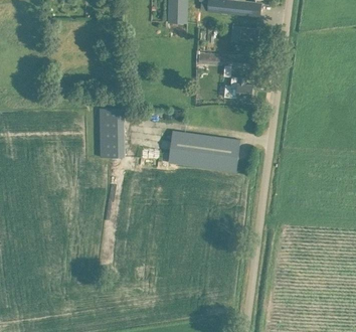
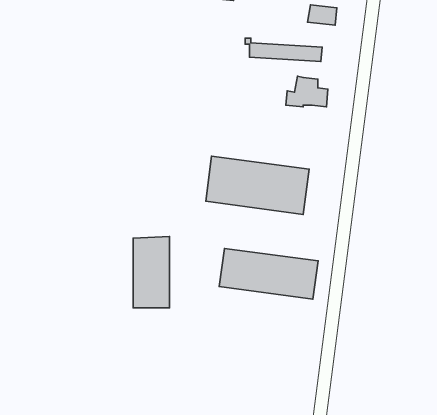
building: [99,107,124,156] -> [133,237,169,308]
building: none -> [219,248,318,299]

